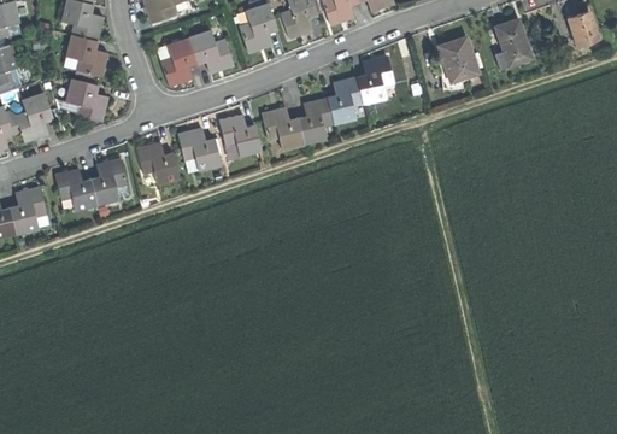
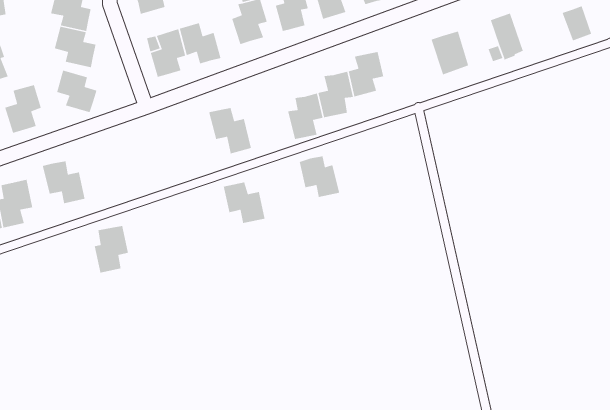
building: [262,108,302,151] -> [299,156,340,198]
building: [177,128,219,170] -> [223,181,265,224]
building: [134,140,176,182] -> none
building: [89,157,124,205] -> [94,225,129,274]

